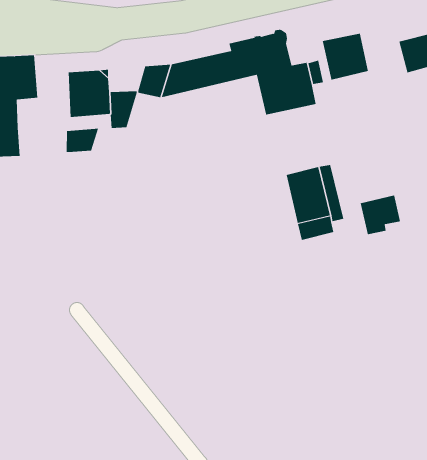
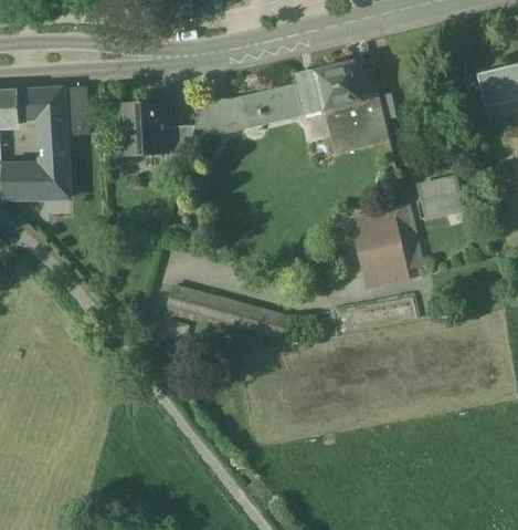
building: [322,33,369,80] -> none
building: [66,128,99,153] -> none
building: [360,195,401,235] -> [419,175,463,218]
building: none -> [168,284,286,335]

